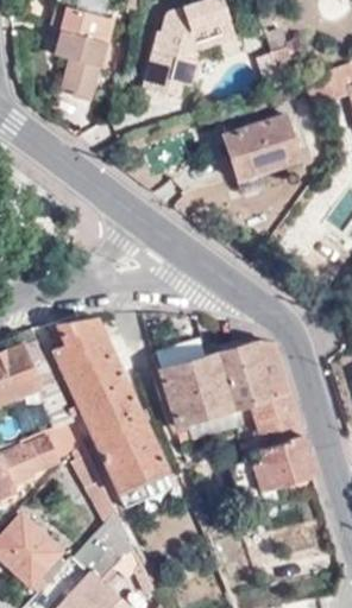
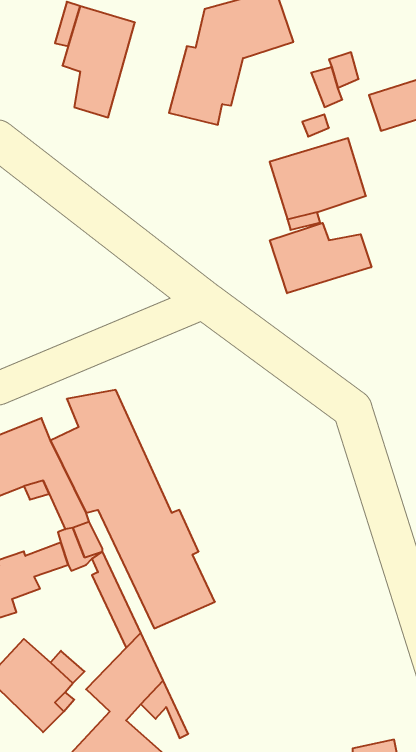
building: none -> [270,223,371,293]
building: [152,341,314,498] -> none

